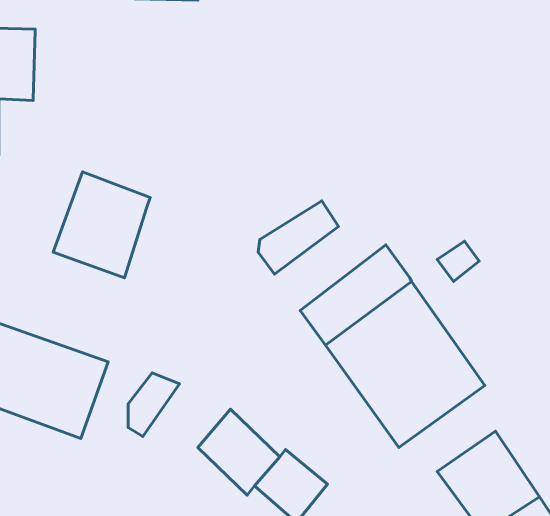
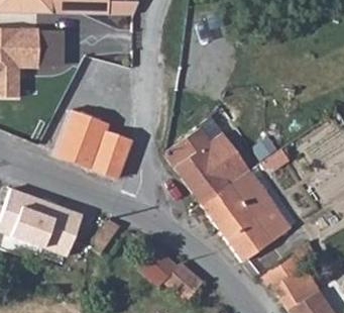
building: none -> [40,31,67,70]
building: none -> [91,129,130,178]
building: none -> [174,130,235,186]

